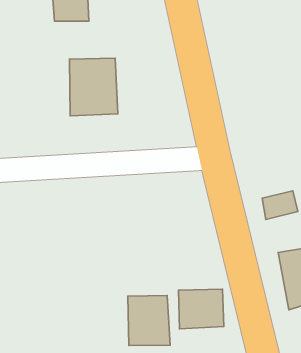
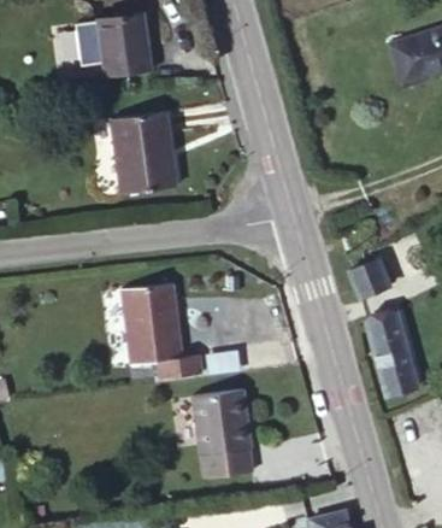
building: none -> [116,280,196,375]
building: [179,289,224,329] -> none

